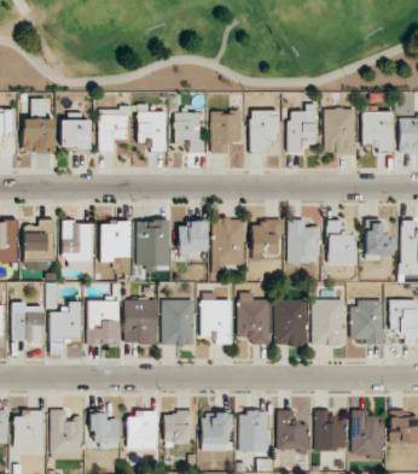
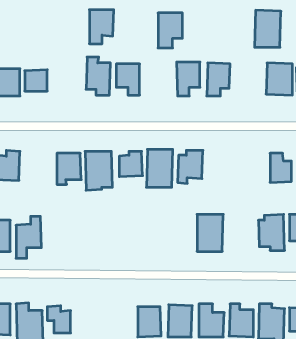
building: [99,107,129,150] -> [89,10,114,44]
building: [324,107,356,153] -> [255,10,281,47]
building: [211,110,242,153] -> [158,13,182,48]
building: [288,220,319,262] -> none
building: [327,220,356,264] -> none
building: [63,222,93,259] -> none
building: [238,292,271,344] -> none
building: [163,299,195,345] -> none
building: [202,299,232,344] -> none
building: [313,299,346,345] -> none
building: [87,300,120,346] -> none
building: [124,300,158,344] -> none
building: [164,411,192,443] -> none
building: [128,412,157,449] -> none

